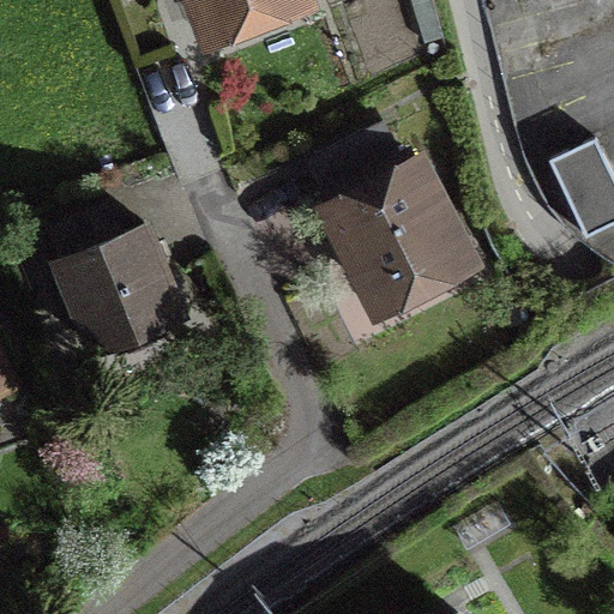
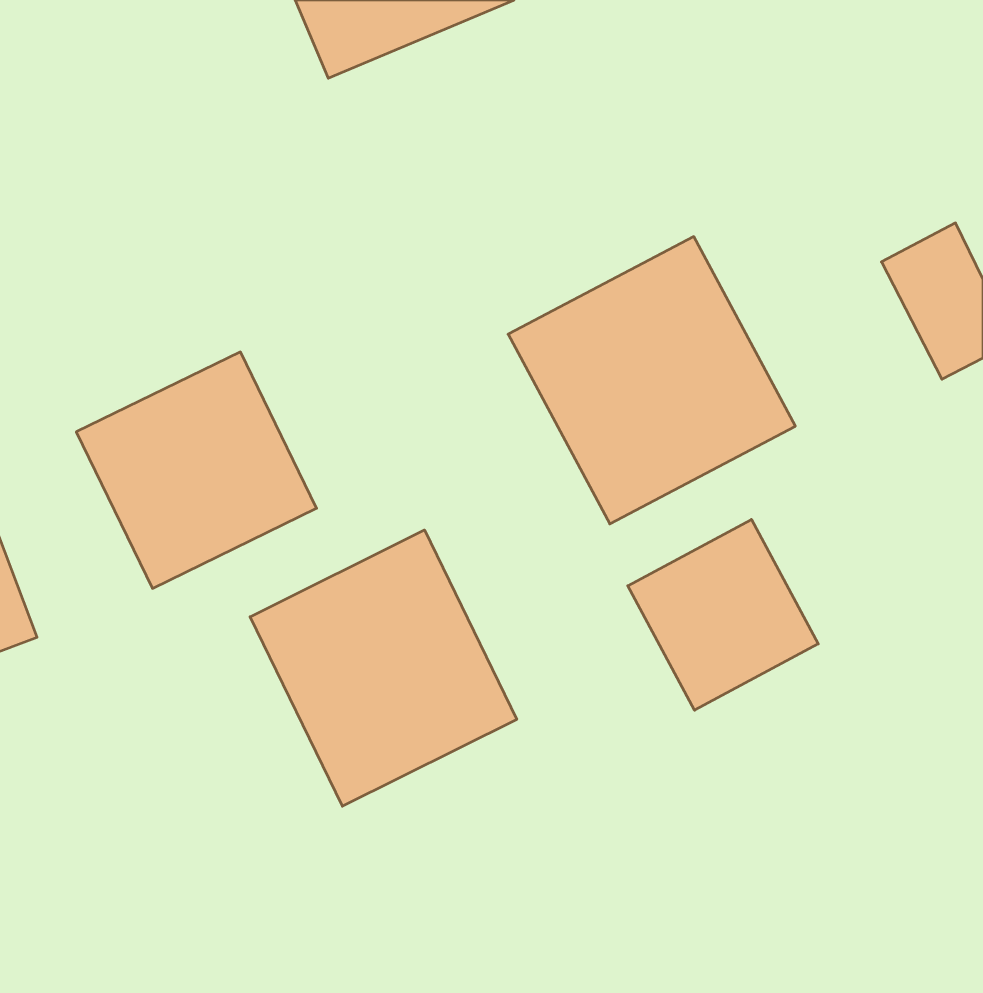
building: none -> [628,519,818,710]
building: none -> [250,530,517,806]

